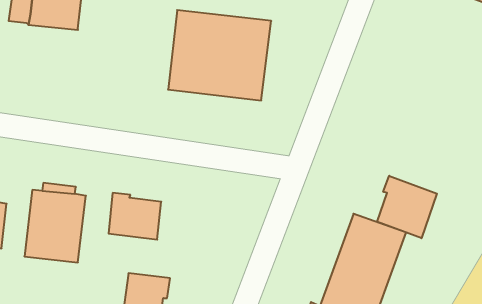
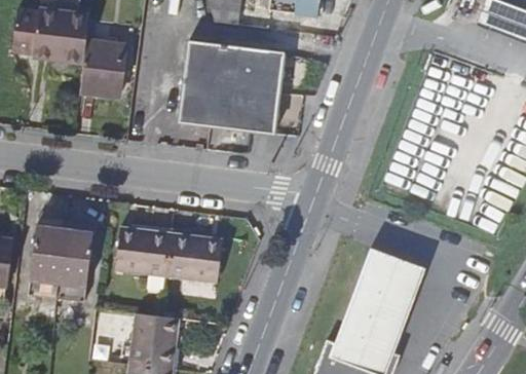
building: none -> [81,40,125,96]
building: [377,176,437,238] -> none
building: none -> [167,237,223,283]

